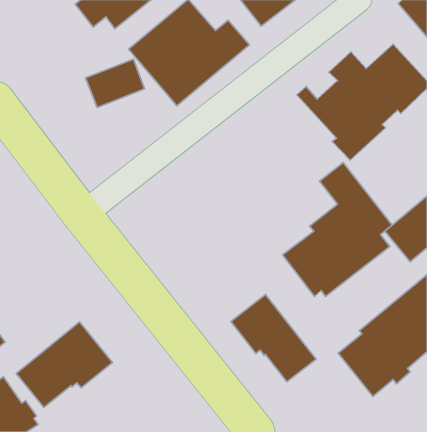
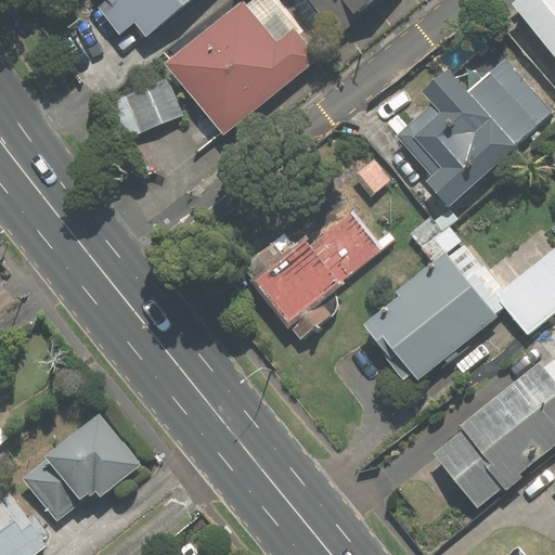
building: none -> [240,208,390,338]
building: [231,294,316,382] -> none

